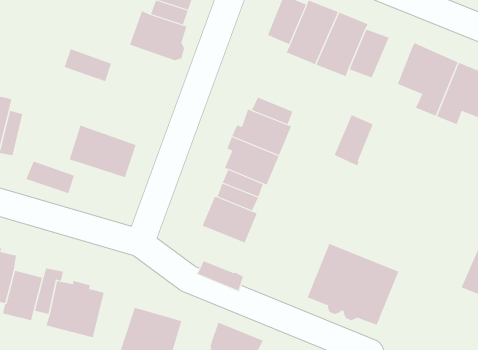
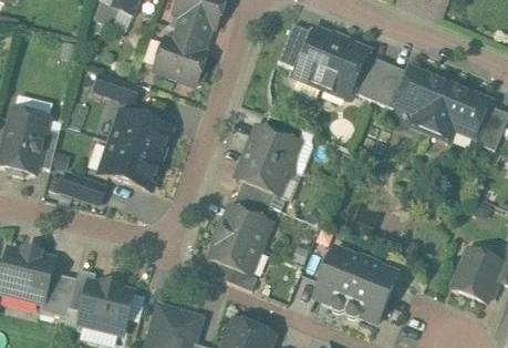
building: none -> [110,111,170,158]
building: [334,114,373,166] -> [372,62,407,109]
building: none -> [208,232,258,274]

